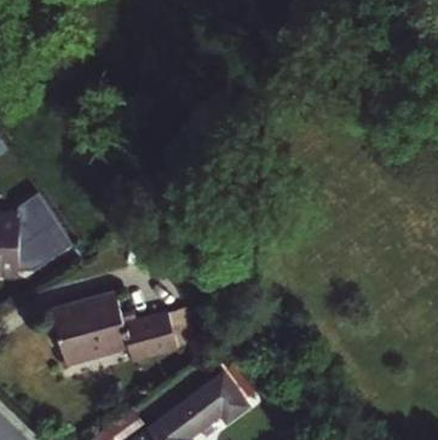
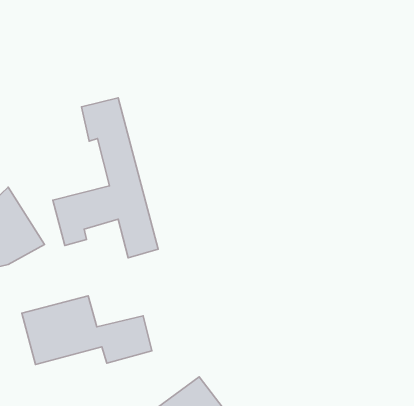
building: none -> [53,98,158,258]

